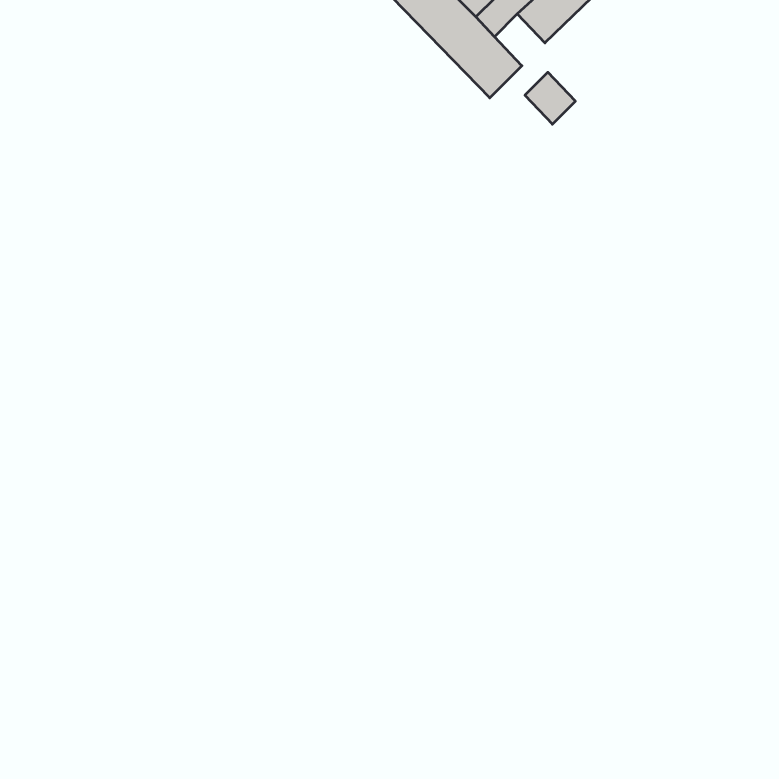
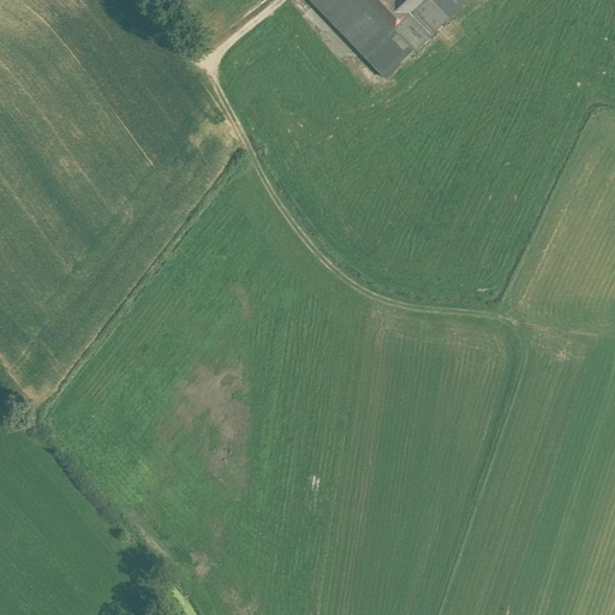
building: [525,72,575,124] -> [388,11,428,52]

